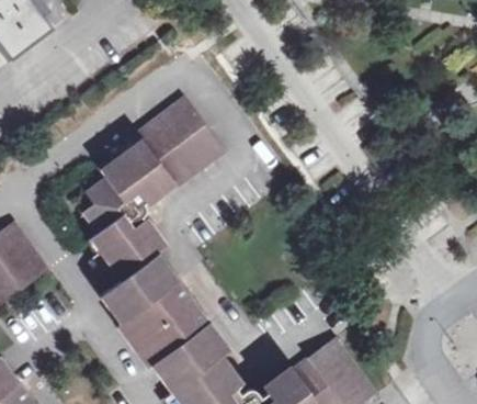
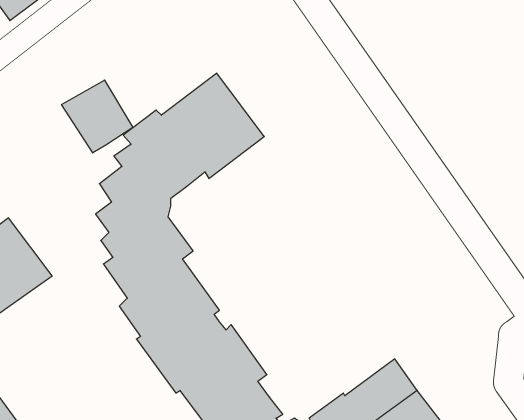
building: none -> [62,80,133,153]

